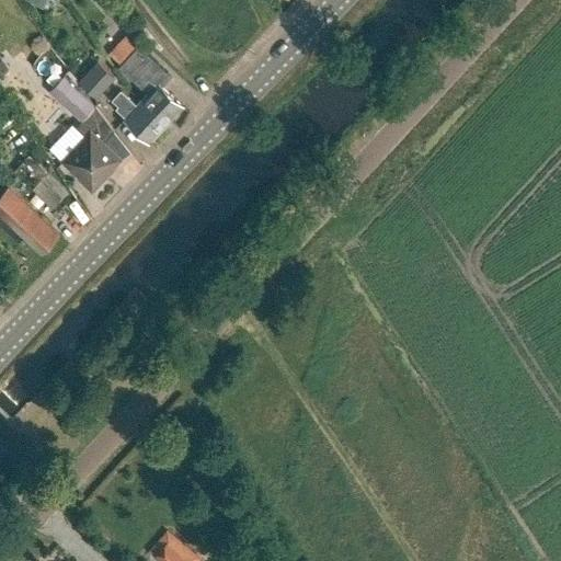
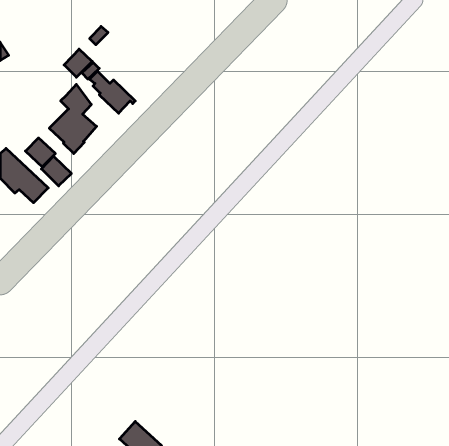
building: [118,48,182,129] -> none
building: [50,78,95,123] -> none
building: none -> [41,156,71,186]

